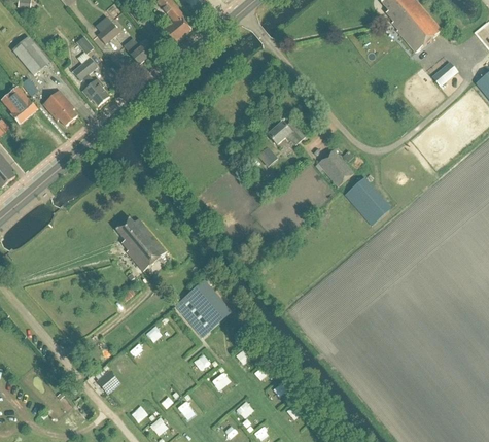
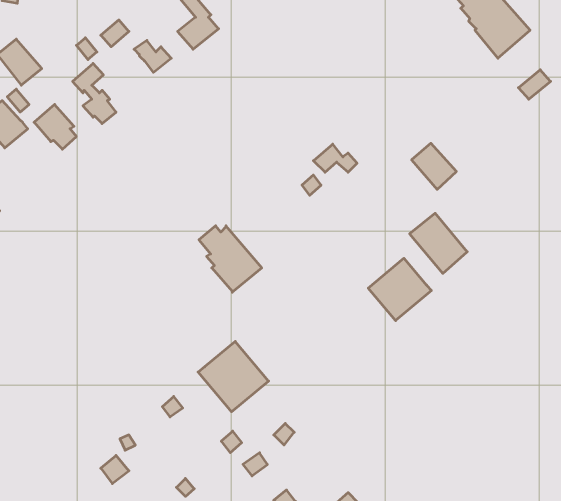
building: [317,149,353,186] -> [412,143,456,189]
building: none -> [368,258,431,321]
building: [115,217,166,271] -> [199,226,262,292]

